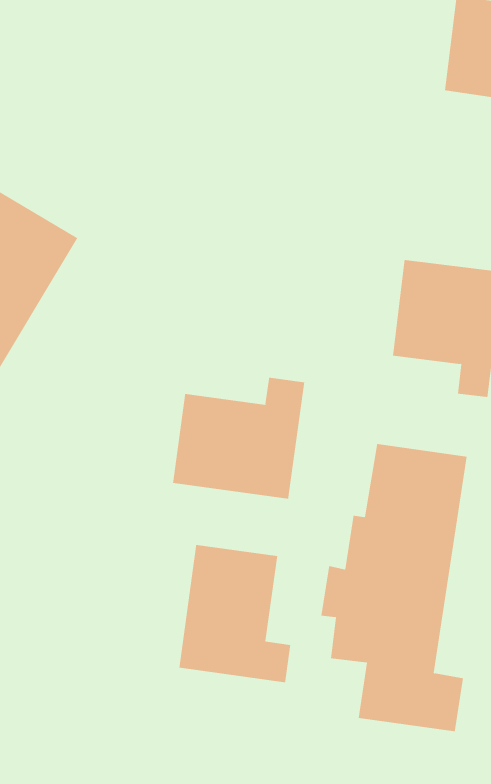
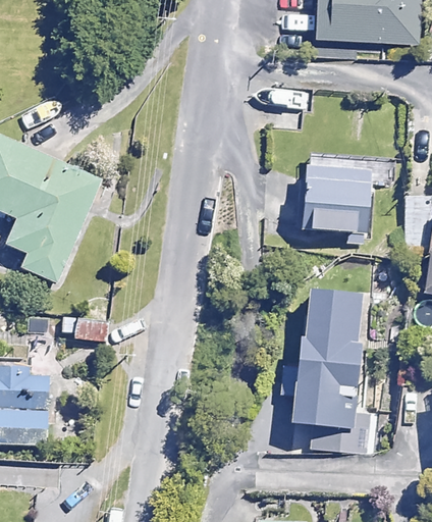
building: [172,377,305,499] -> none
building: [179,544,291,683] -> none

